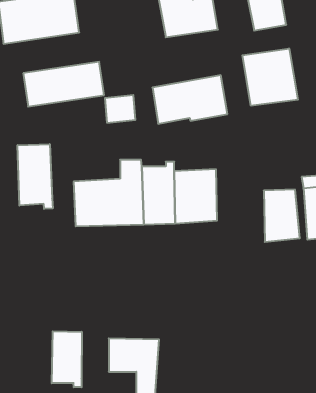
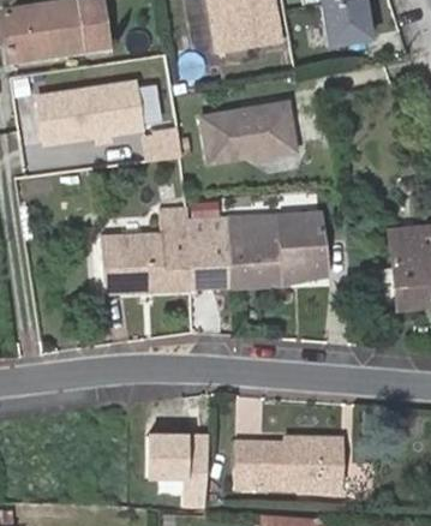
building: [242,48,298,106] -> none
building: [18,144,53,209] -> none
building: [264,190,300,242] -> [282,219,328,285]
building: [52,331,82,387] -> none
building: none -> [234,436,341,488]

